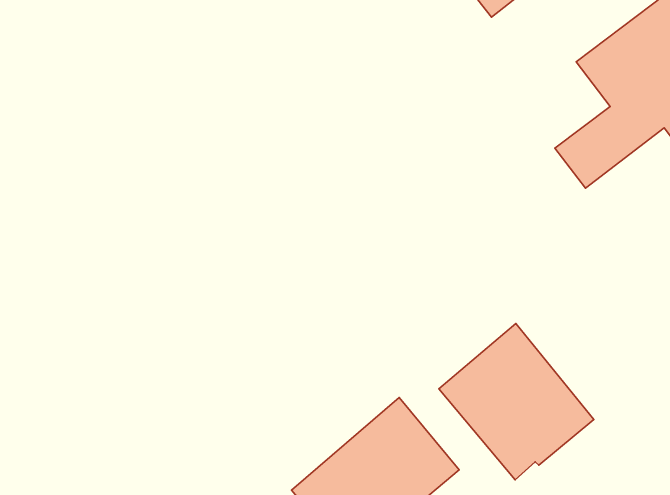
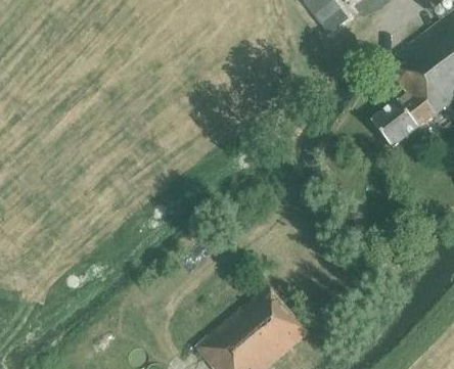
building: [439,324,594,480] -> none

